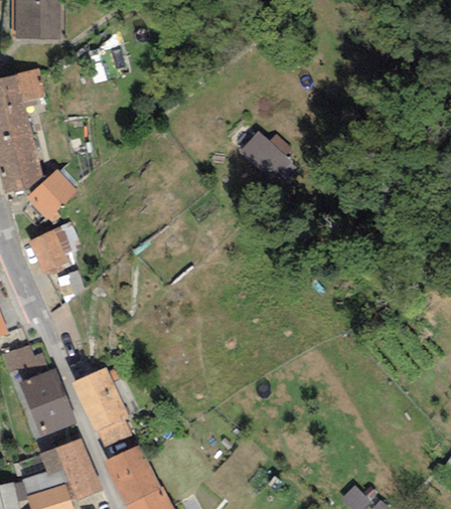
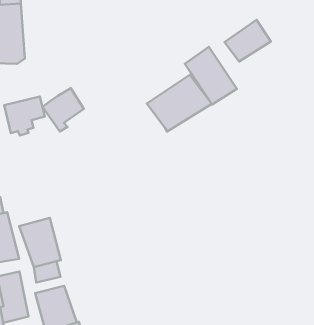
building: none -> [225,20,271,61]
building: none -> [147,75,212,132]
building: [26,169,77,223] -> [42,88,84,132]

